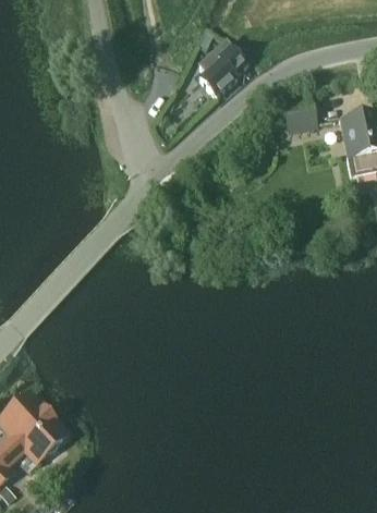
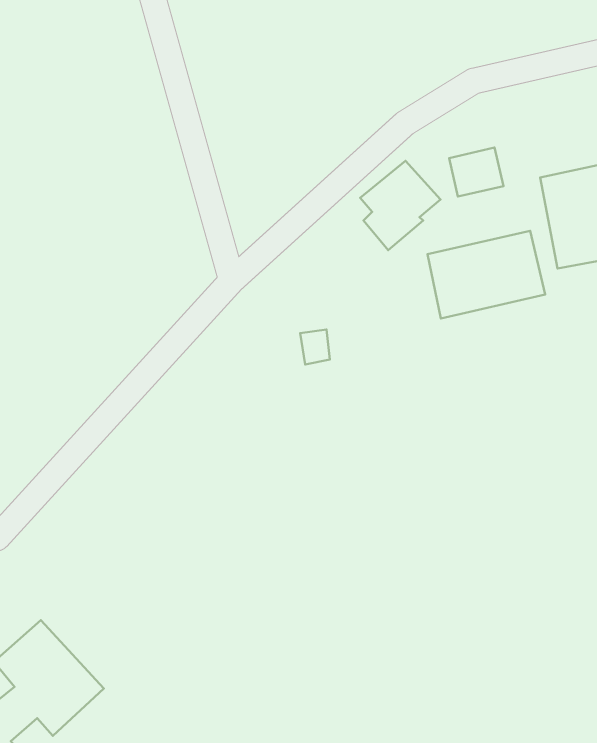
building: [197,40,247,96] -> [360,161,441,250]
building: none -> [428,231,545,319]

